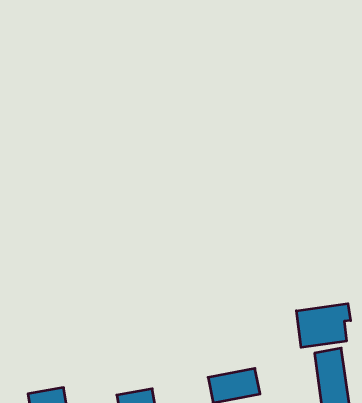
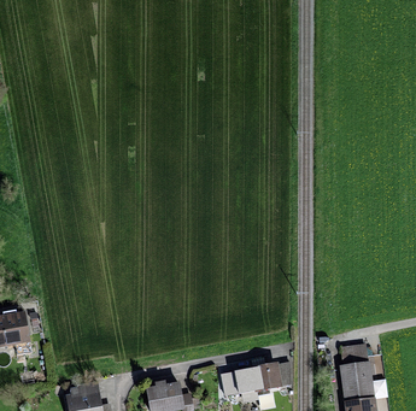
building: [296,304,351,347] -> none

